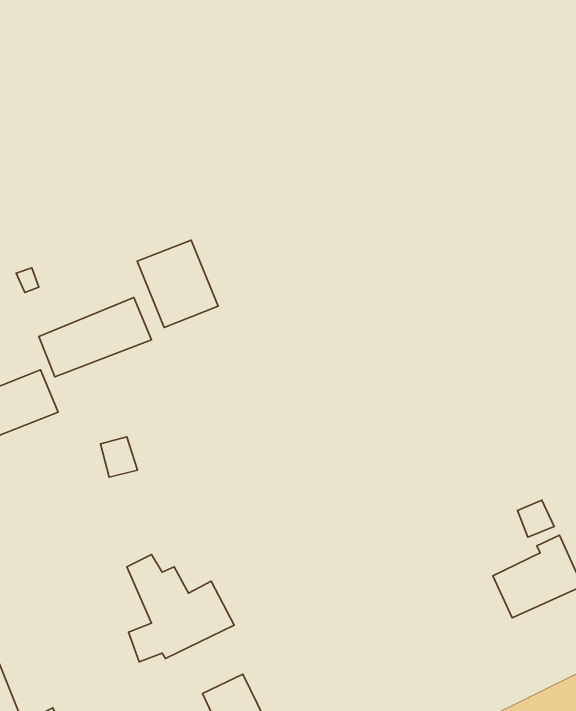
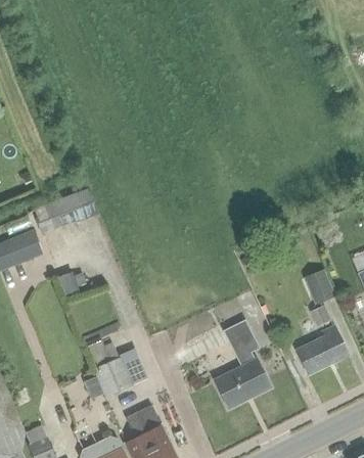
building: [137,240,218,327] -> none
building: none -> [305,270,335,305]
building: none -> [215,320,271,408]

